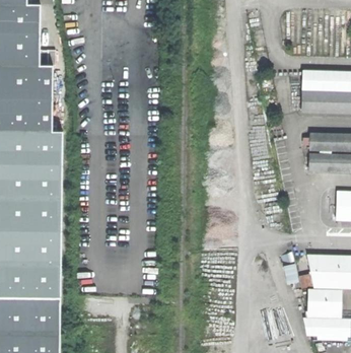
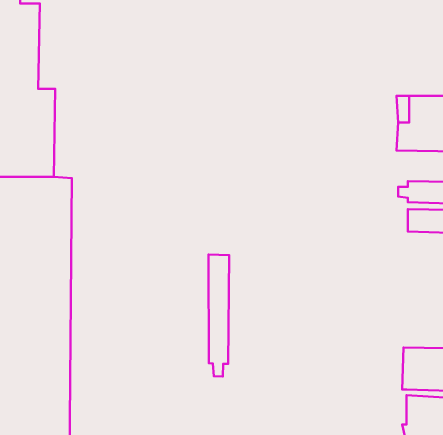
building: none -> [208,255,229,376]

